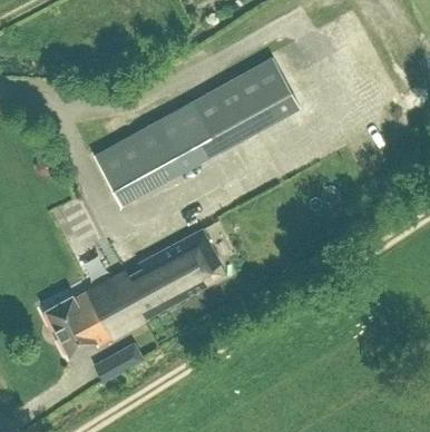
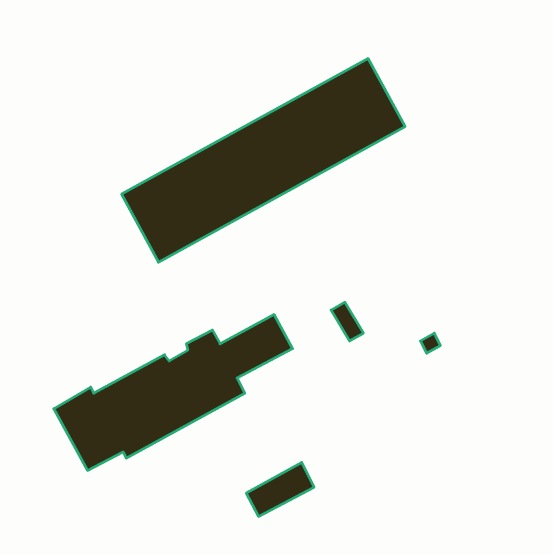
building: [96,342,145,381] -> [246,462,314,516]

